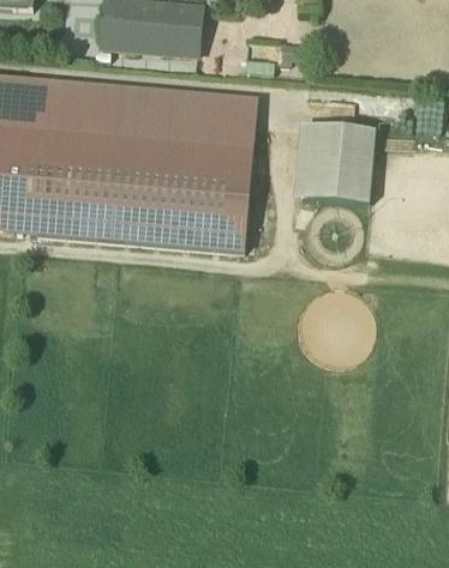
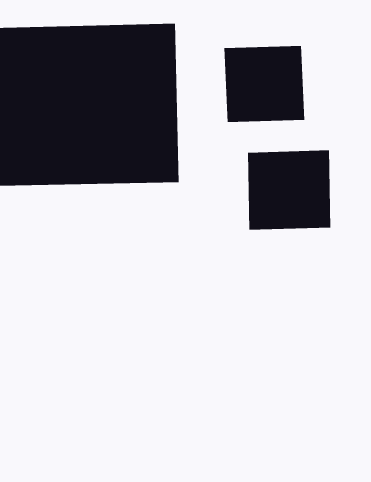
building: none -> [248,150,331,230]

